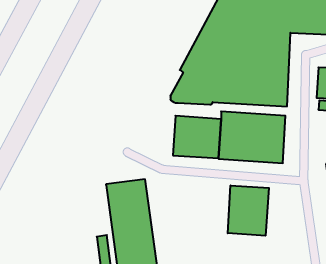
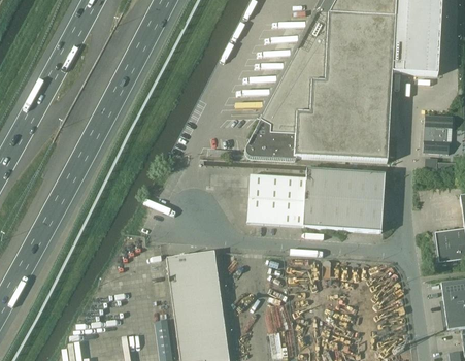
building: [228,185,269,236] -> none

